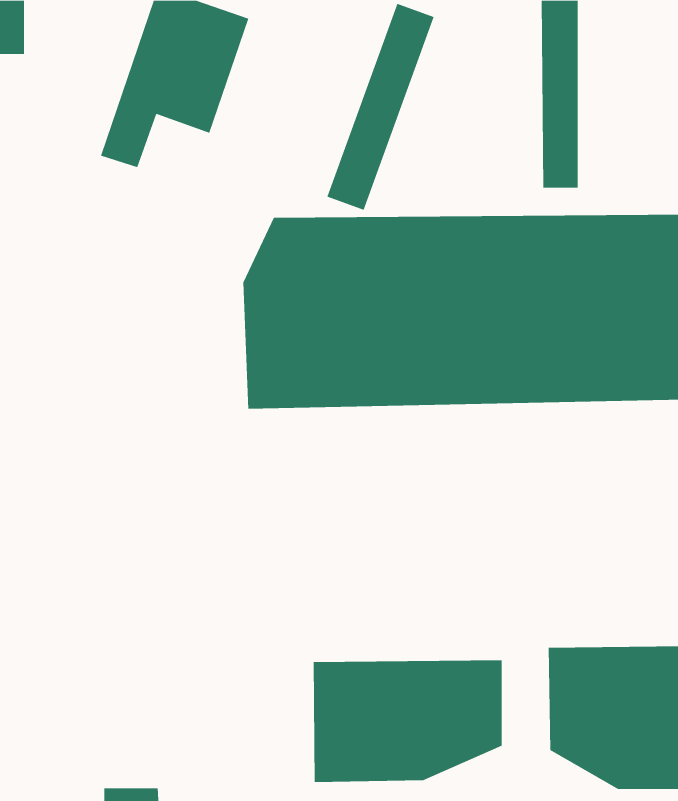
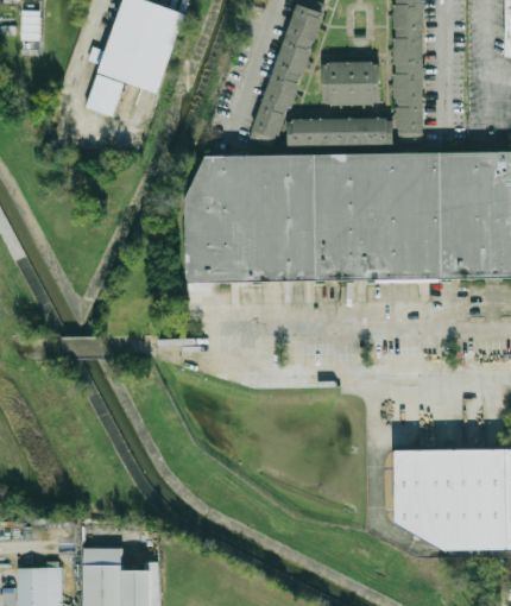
building: none -> [323,64,377,106]
building: none -> [289,119,390,149]
building: [313,659,502,783] -> none

